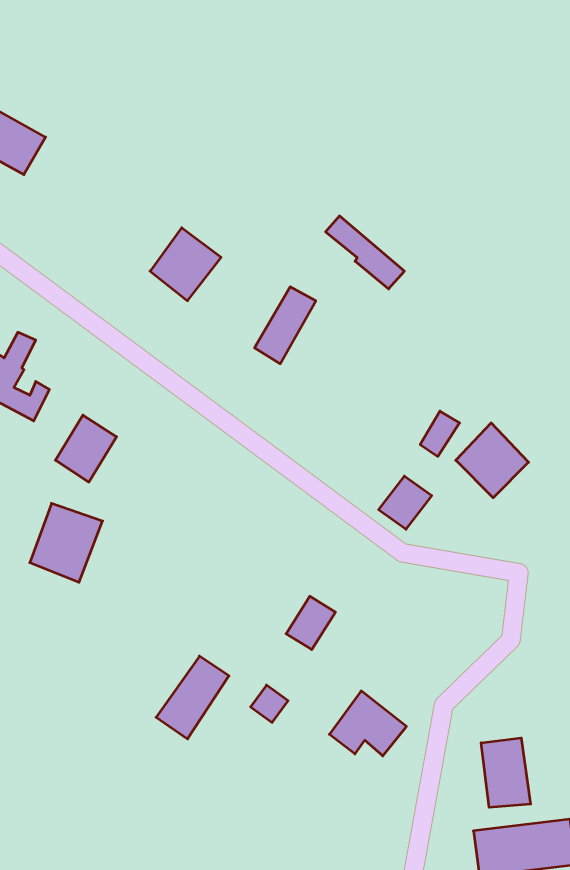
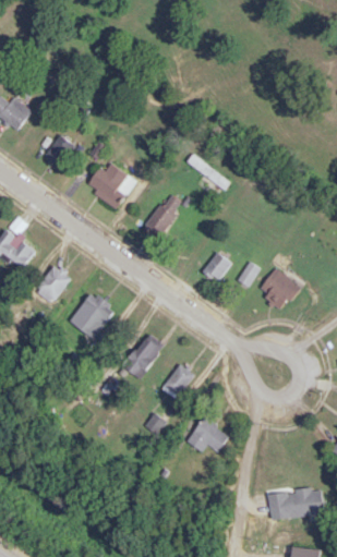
building: none -> [41,134,72,167]
building: [379,476,432,529] -> [202,251,231,280]
building: [30,503,103,582] -> [71,293,111,337]
building: [156,656,229,739] -> [122,332,163,378]
building: [481,738,531,807] -> none

